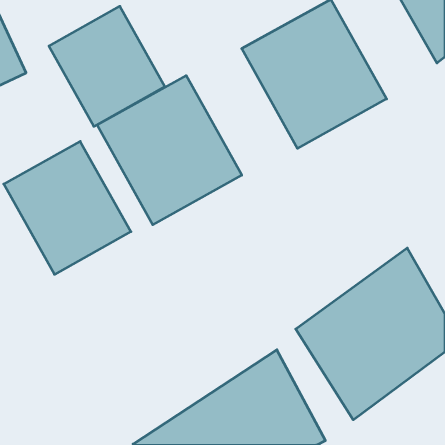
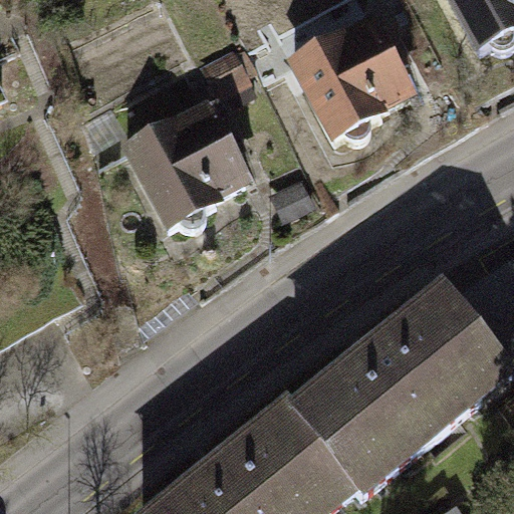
building: [49,6,165,126] -> none
building: [4,141,131,274] -> none

